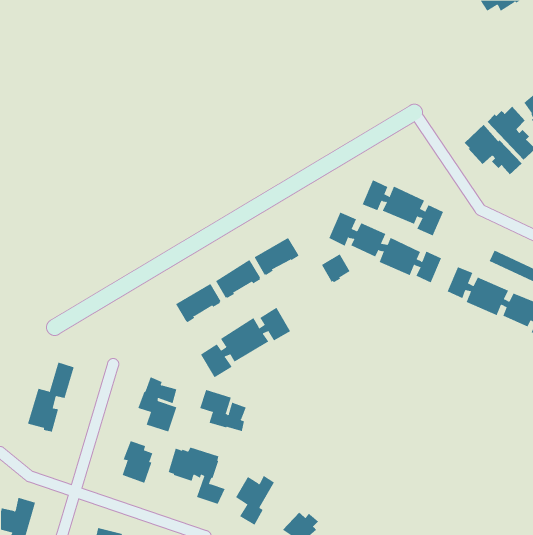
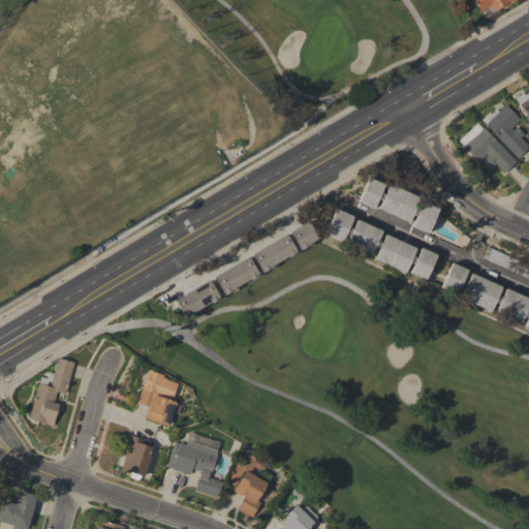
building: [321,253,351,283] -> [290,221,319,250]
building: [200,307,291,378] -> none
building: [199,389,246,432] -> none

